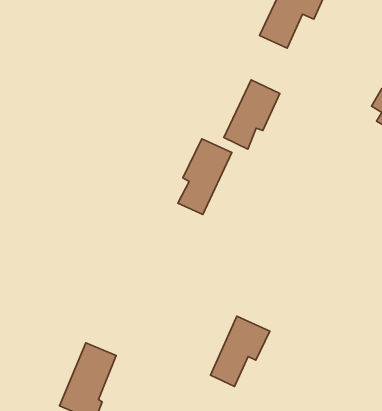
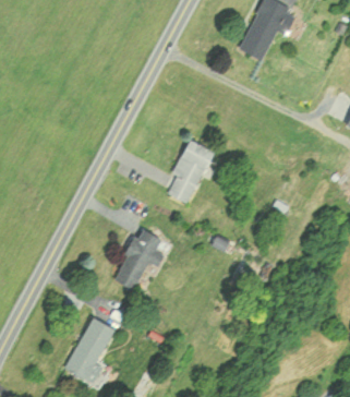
building: [224,80,280,149] -> none
building: [211,316,270,387] -> [116,228,167,289]

